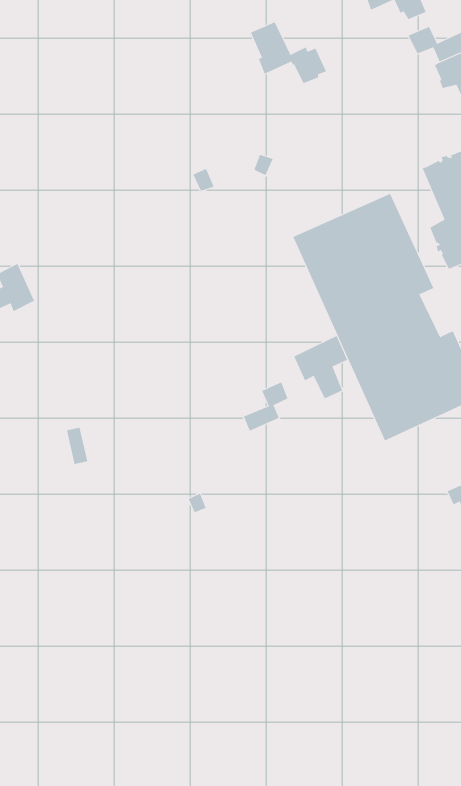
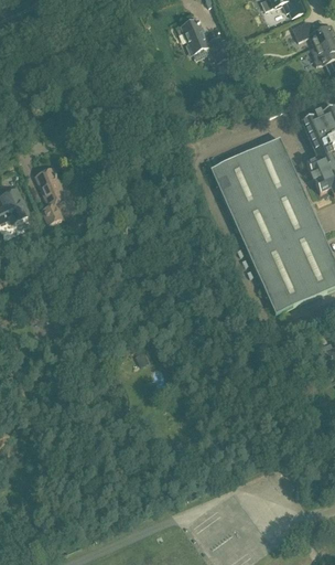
building: none -> [36,170,67,223]
building: [294,335,348,399] -> none
building: [243,381,288,432] -> none

